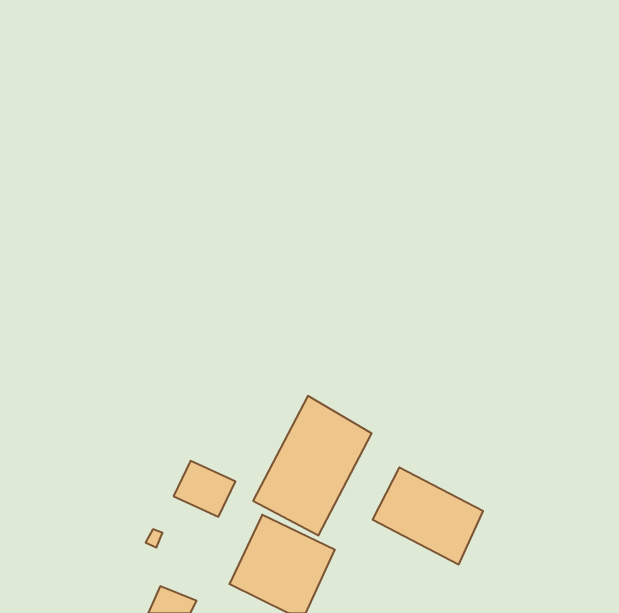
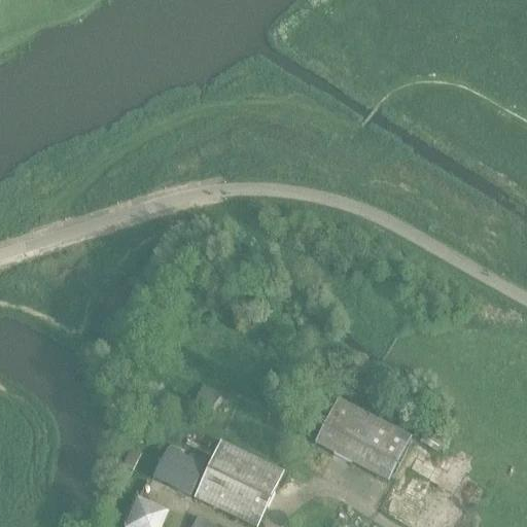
building: [253,396,372,536] -> none
building: [174,461,235,517] -> [152,445,205,492]

